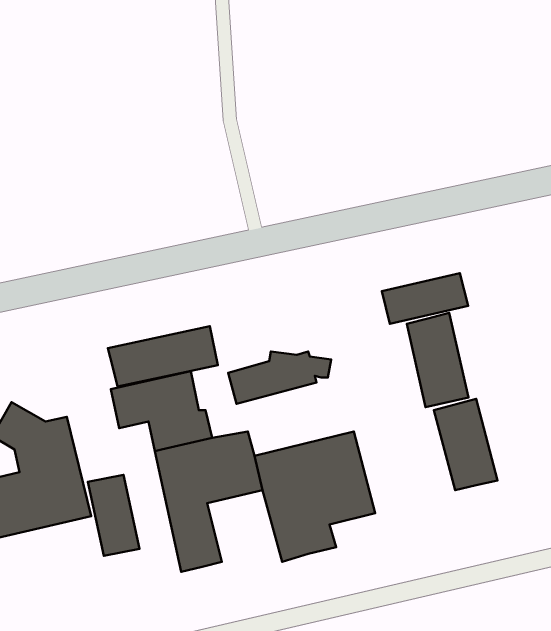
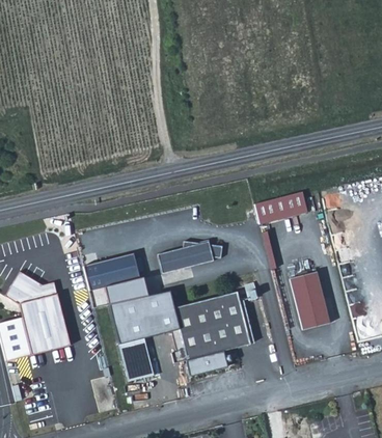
building: [407,313,469,407] -> none
building: [108,326,218,387] -> none
building: [88,475,139,556] -> none

